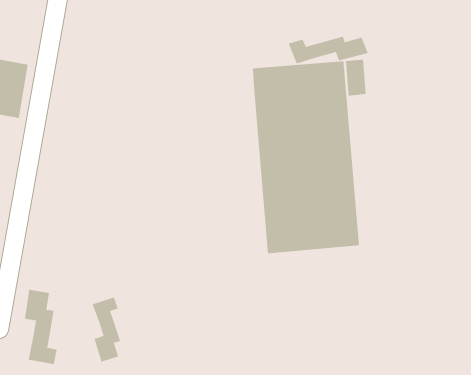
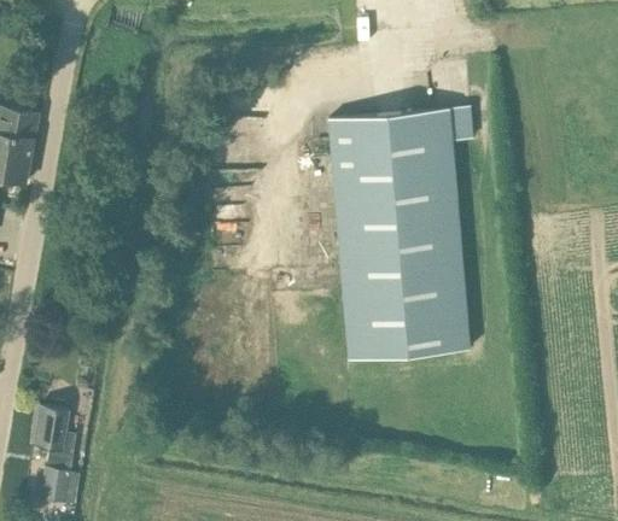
building: [288,36,368,64] -> none
building: [92,297,121,363] -> none

